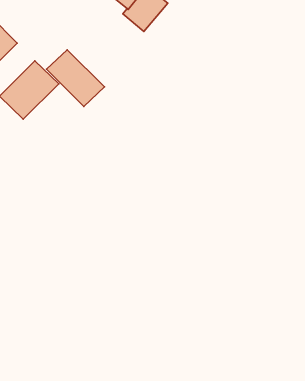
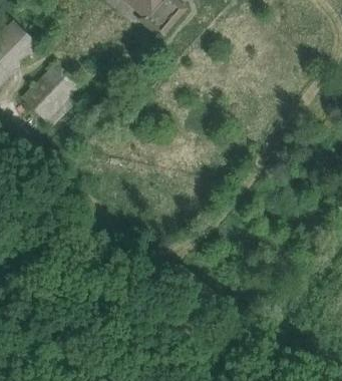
building: [46,50,104,106] -> none

